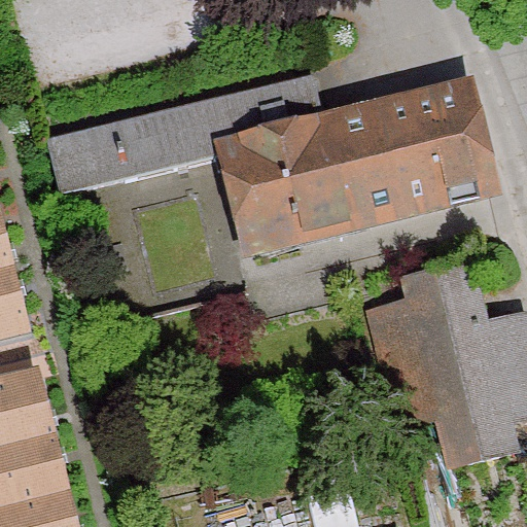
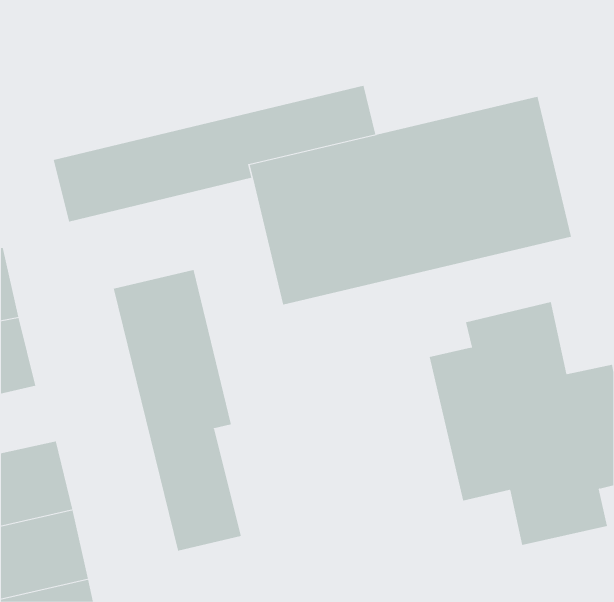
building: none -> [113,269,241,552]

